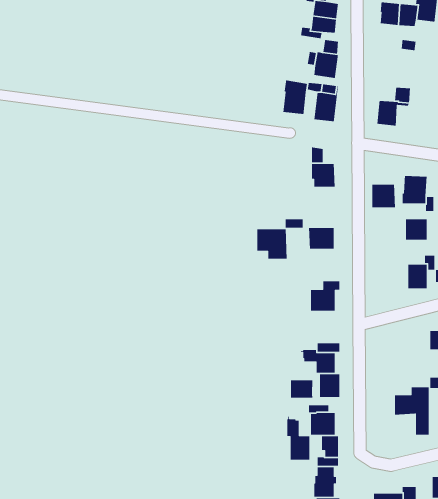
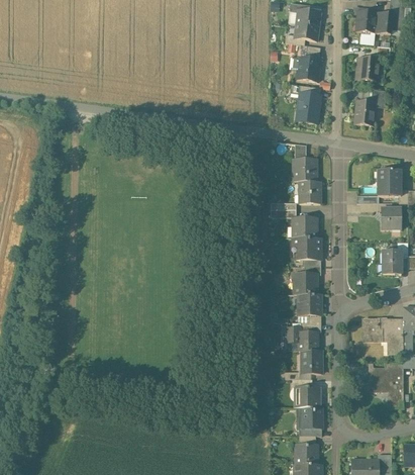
building: none -> [357,58,380,82]
building: [283,80,308,115] -> none
building: [371,184,396,208] -> [299,181,321,203]
building: [257,228,288,259] -> [293,238,321,266]
building: none -> [298,294,321,315]
building: none -> [362,320,403,354]
building: [290,379,313,398] -> none
building: [286,416,310,461] -> none

